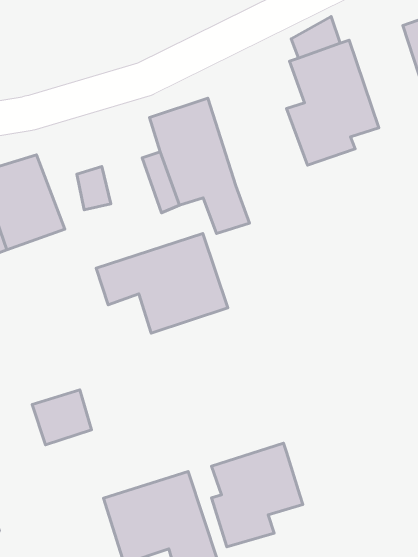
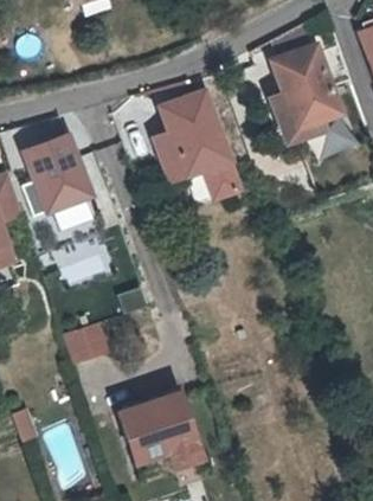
building: [96,234,228,333] -> none
building: [211,443,303,547] -> none

